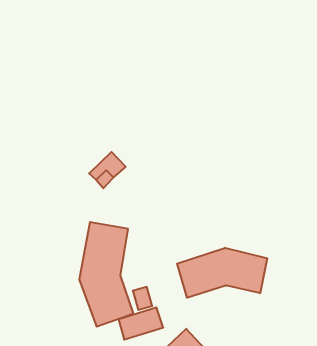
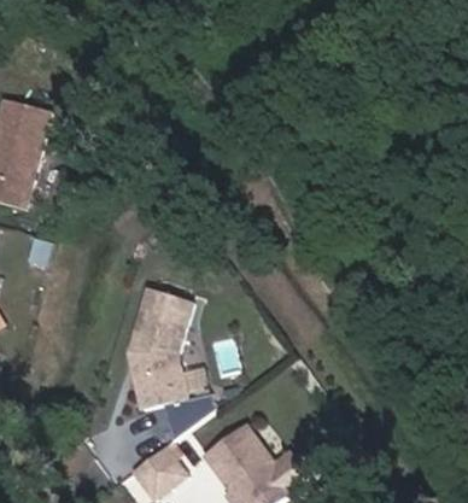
building: [177,248,267,298] -> none

